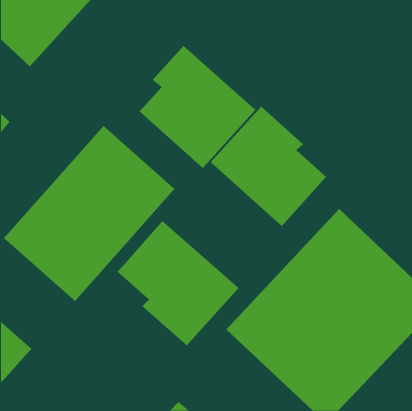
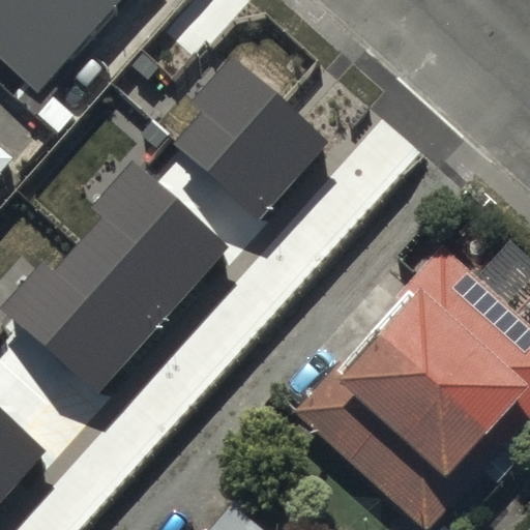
building: [210,106,327,227] -> none
building: [117,220,239,346] -> none

